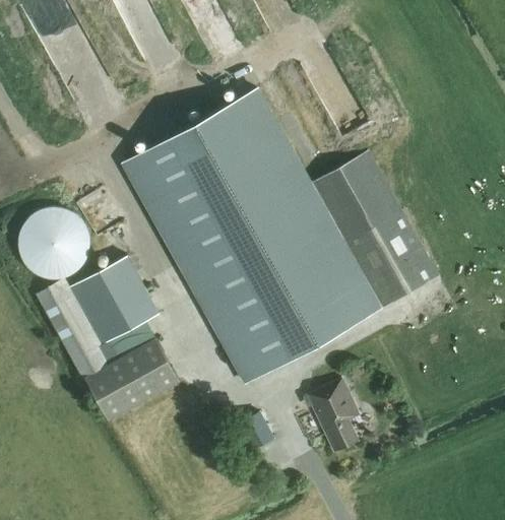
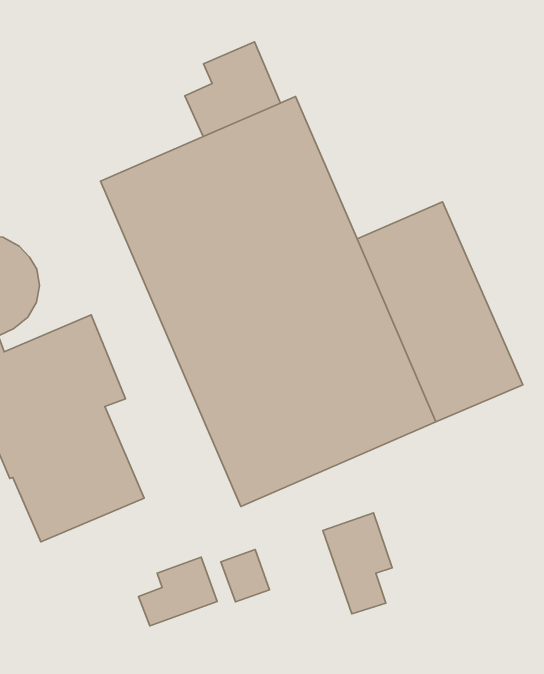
building: none -> [185,42,281,136]
building: none -> [139,557,217,626]

